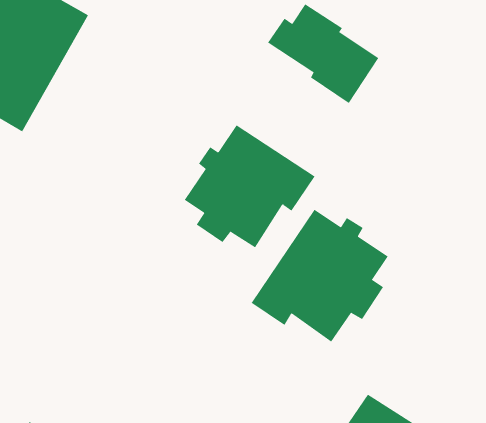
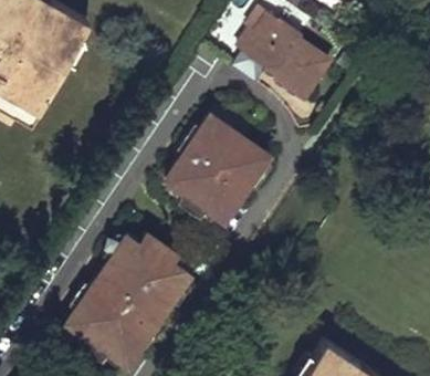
building: [251,209,388,342] -> none
building: none -> [69,227,191,366]

